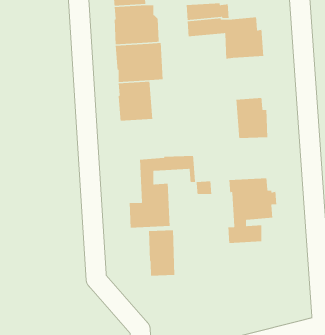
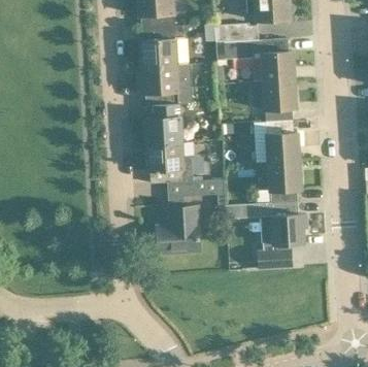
building: none -> [263,77,295,121]
building: none -> [147,141,192,182]
building: none -> [257,160,300,202]
building: [148,230,175,276] -> none

